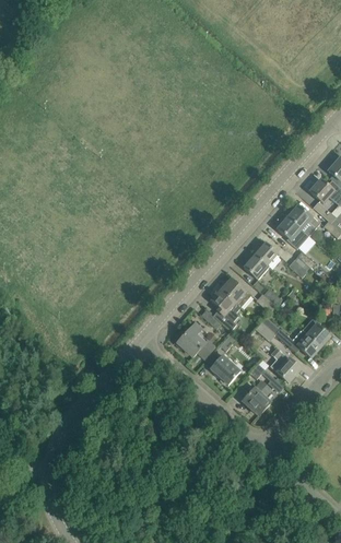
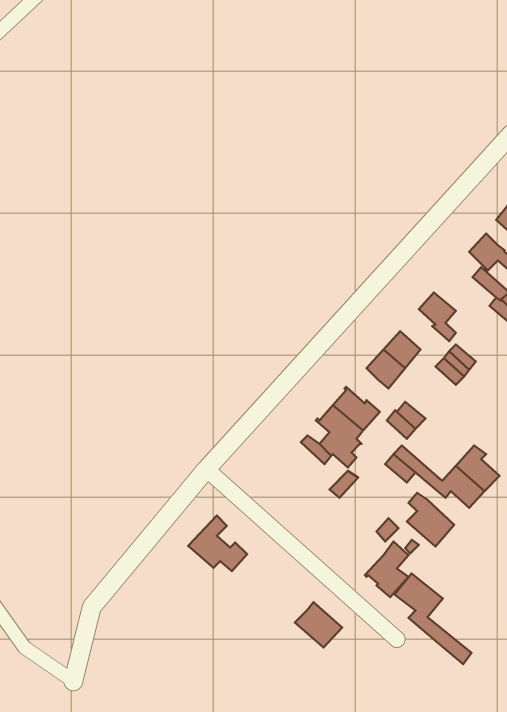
building: [286,205,319,236] -> none
building: [176,322,214,358] -> [188,516,247,571]
building: [209,355,239,385] -> [295,602,342,648]
building: none -> [395,573,472,664]

